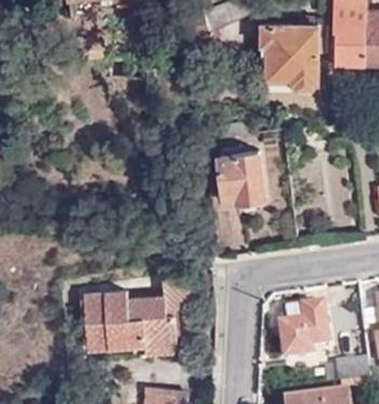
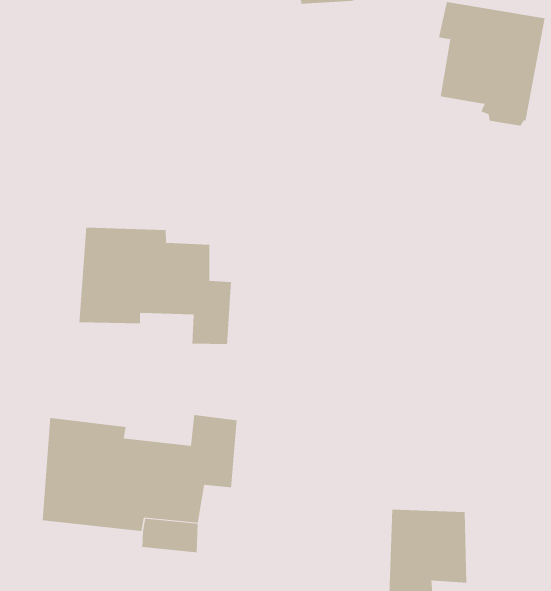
building: [219,151,266,212] -> none
building: none -> [79,227,232,345]

